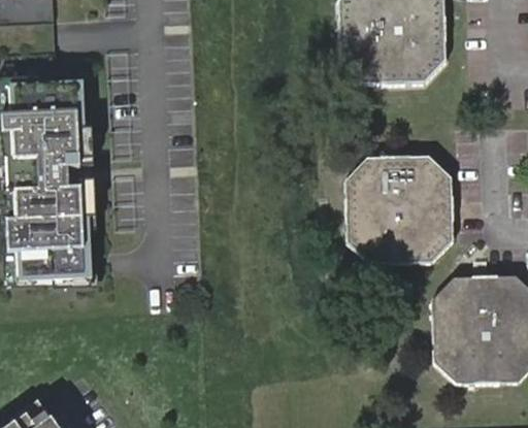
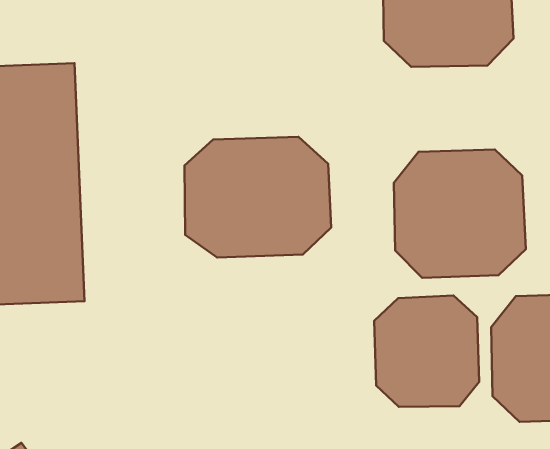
building: none -> [184,137,331,257]
building: none -> [374,296,479,407]

